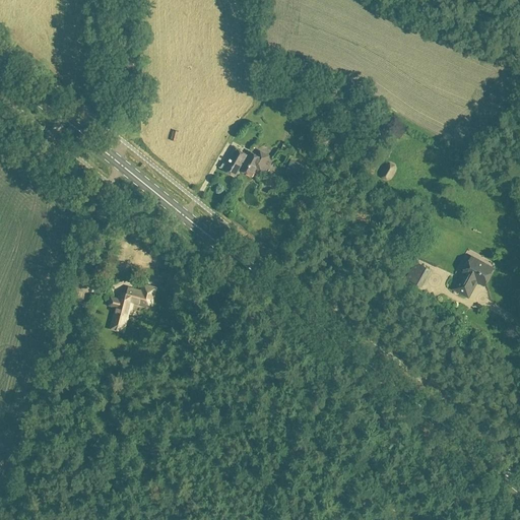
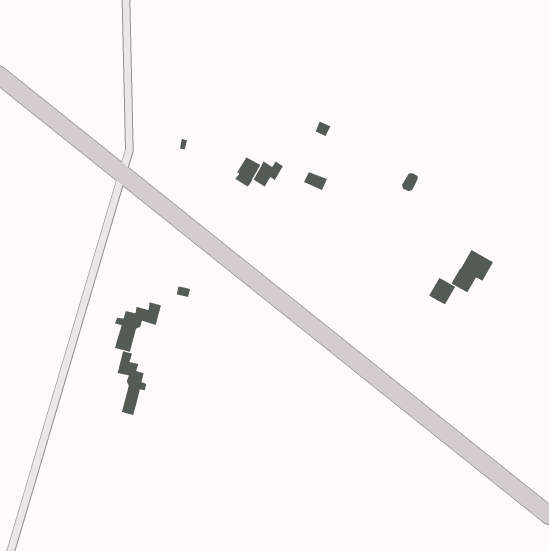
building: [451,256,492,298] -> [451,249,494,293]
building: none -> [117,350,147,416]

